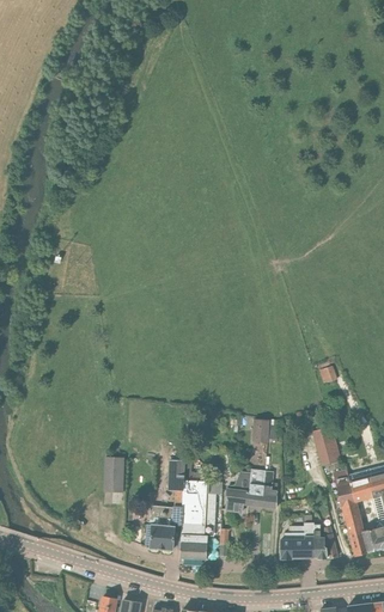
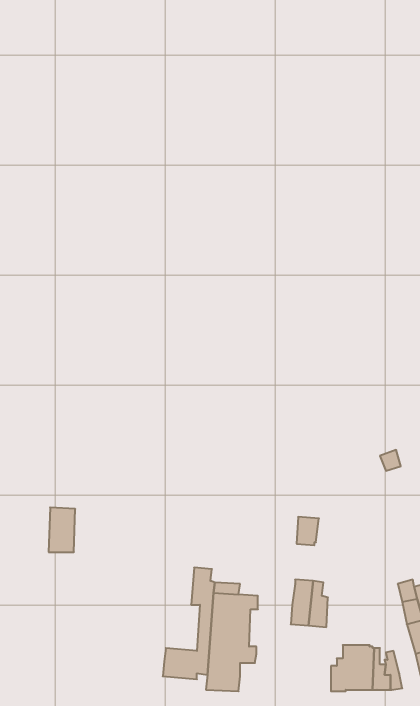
building: [312,426,341,466] -> none
building: [103,457,124,492] -> [49,507,75,552]
building: [226,472,251,512] -> none

